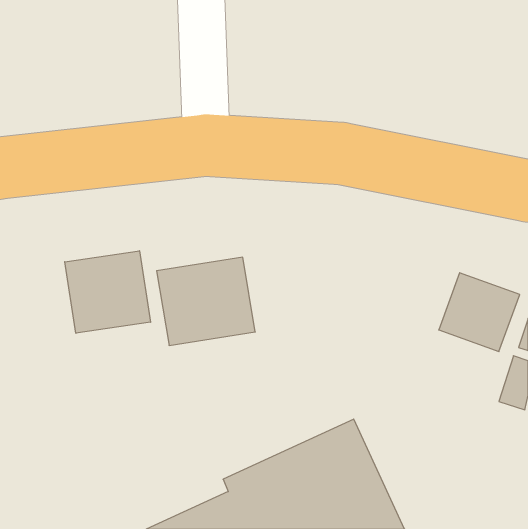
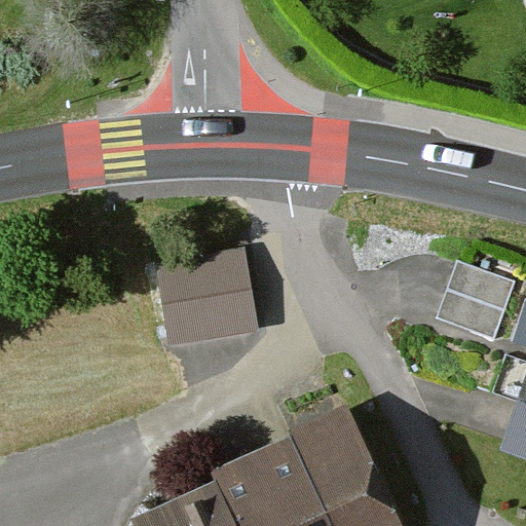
building: [65,251,151,333] -> none

